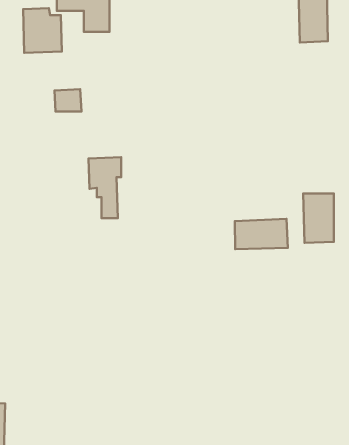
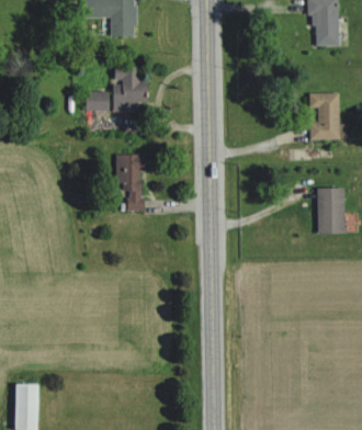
building: [23,8,62,53] -> [111,68,147,110]
building: none -> [309,92,351,139]
building: [235,219,288,249] -> none

